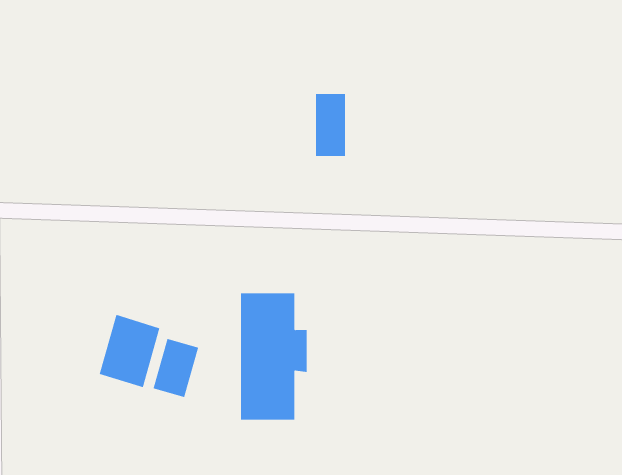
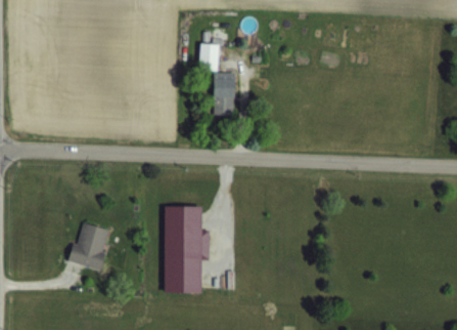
building: none -> [200,44,218,72]
building: [153,338,199,398] -> none

